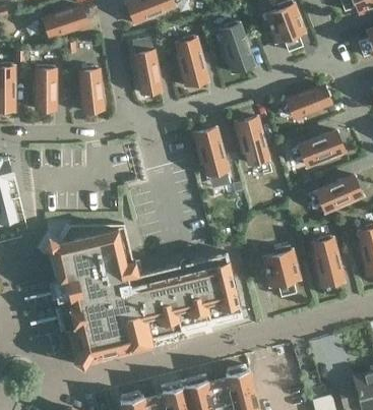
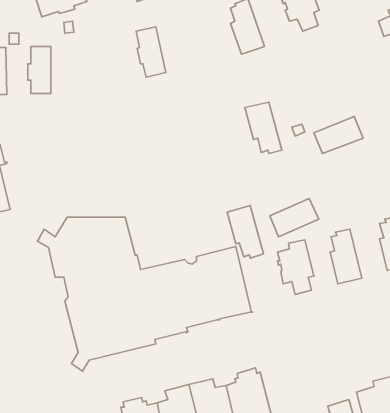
building: [177,36,206,86] -> none
building: [79,67,104,112] -> none
building: [286,85,330,118] -> none
building: [193,128,227,177] -> [227,206,263,258]
building: [316,176,362,212] -> [270,198,319,237]

